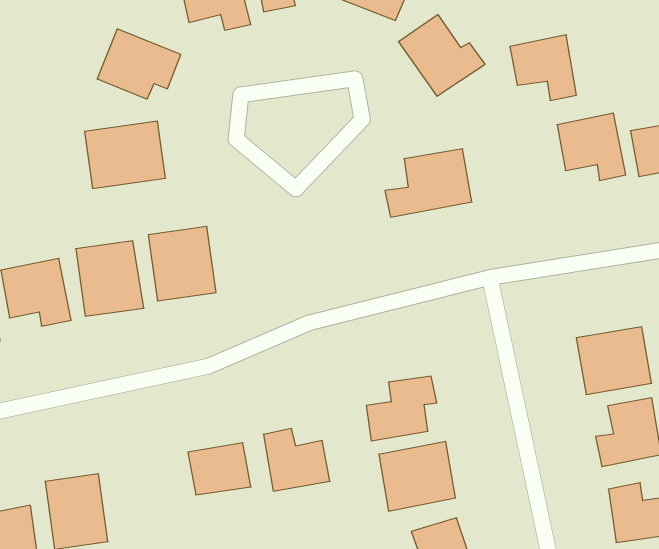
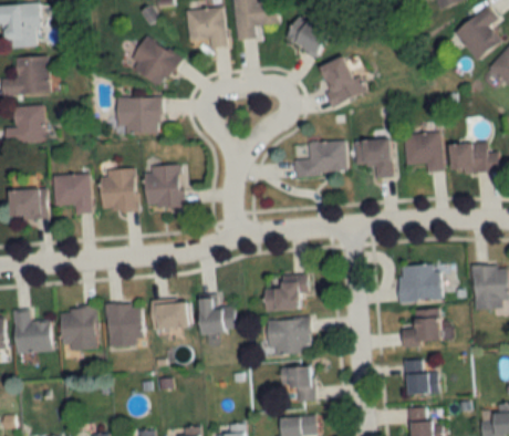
building: [510,35,576,101] -> [355,138,392,177]
building: none -> [106,303,143,346]

